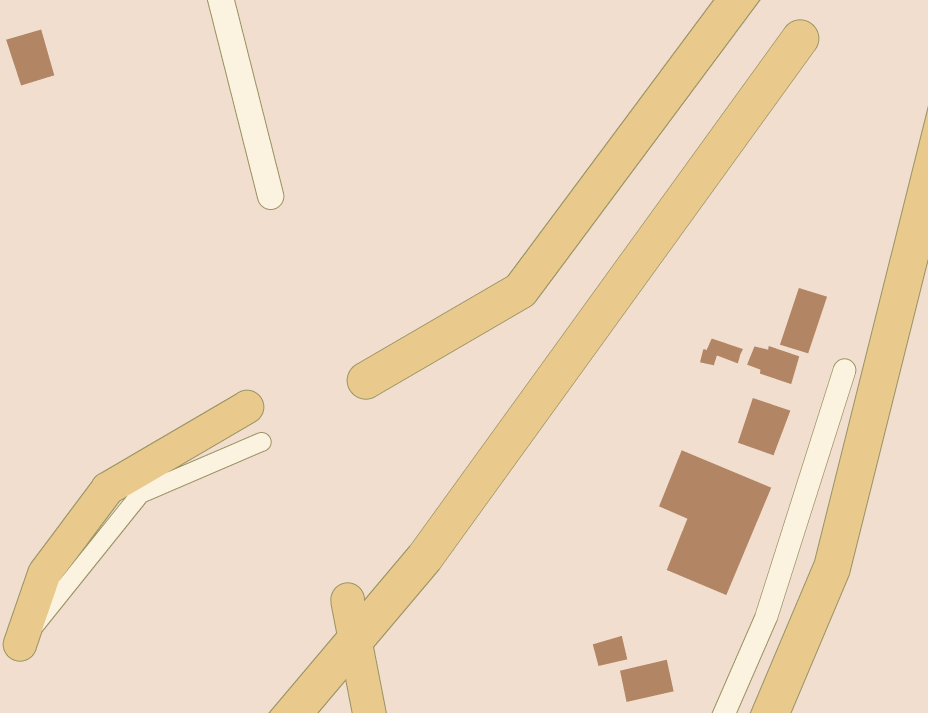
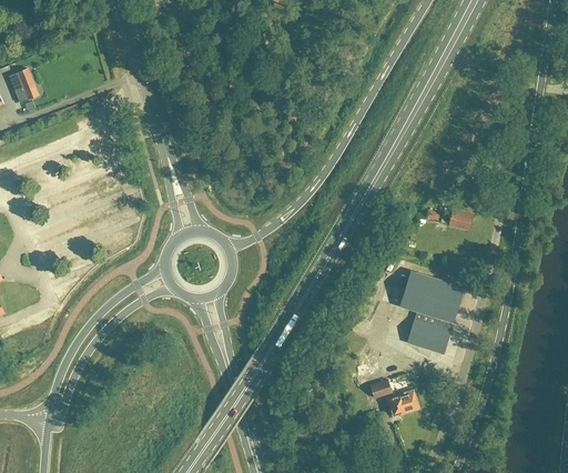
building: [779,287,828,354] -> none
building: [737,397,791,456] -> none

